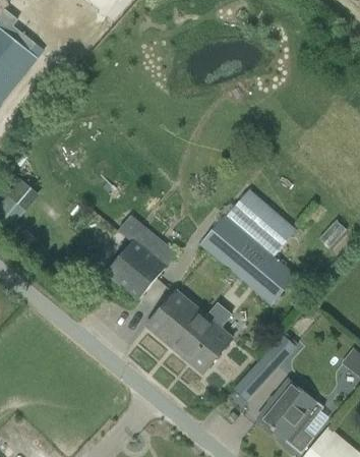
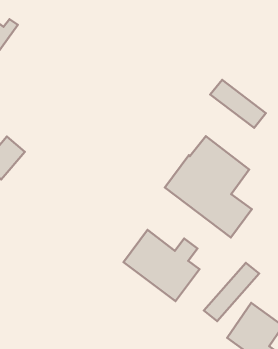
building: none -> [210,80,266,128]
building: [105,215,174,299] -> none

